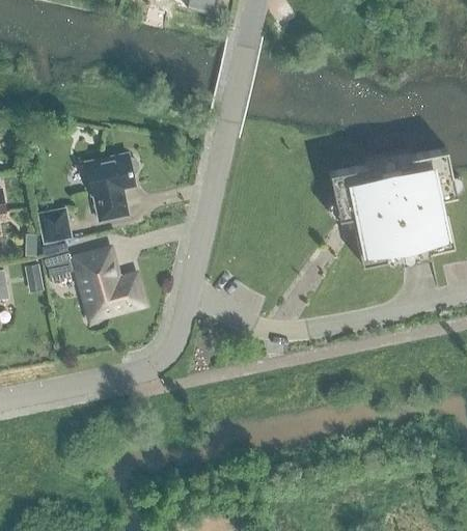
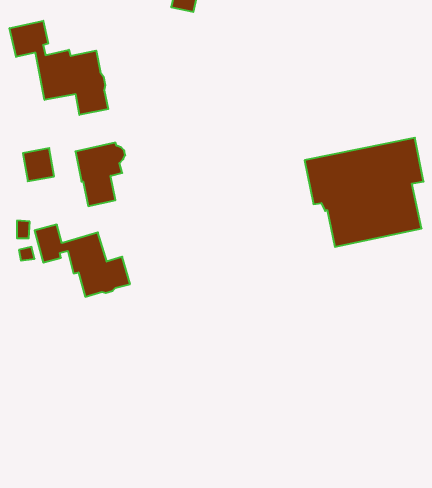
building: none -> [10,21,108,115]
building: [38,208,72,244] -> [23,148,54,181]

